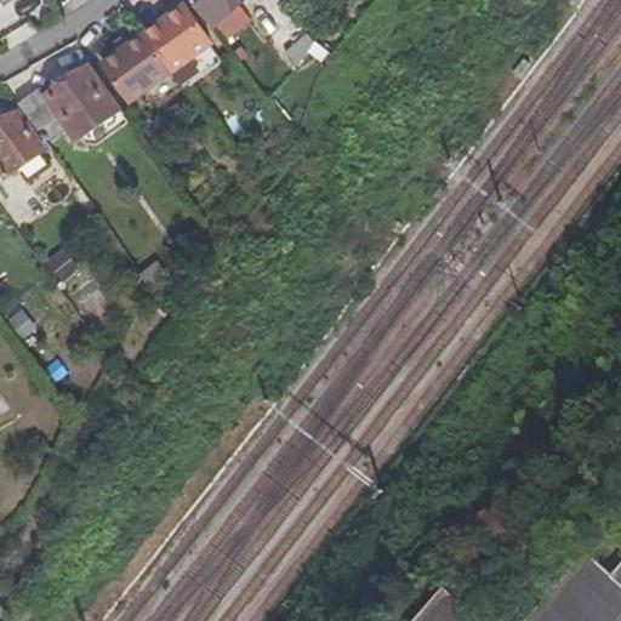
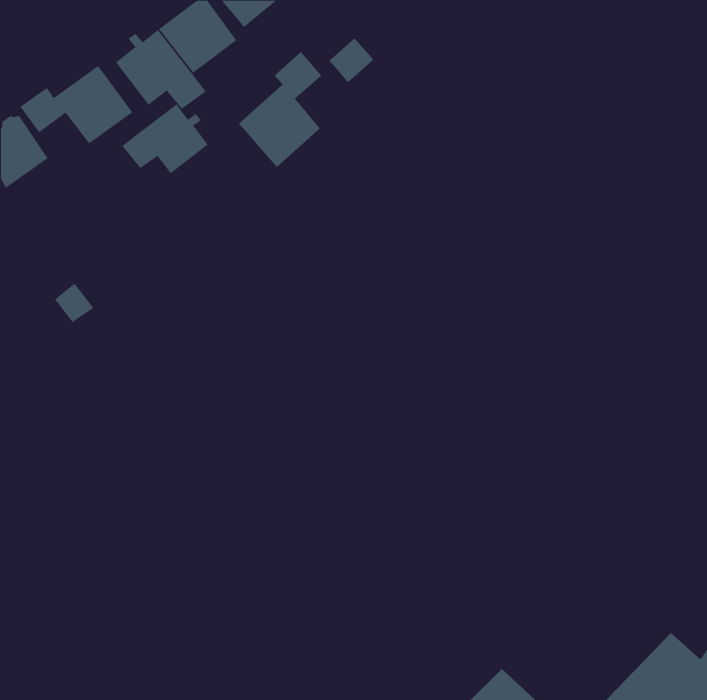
building: none -> [238,51,322,168]
building: none -> [122,103,209,174]

